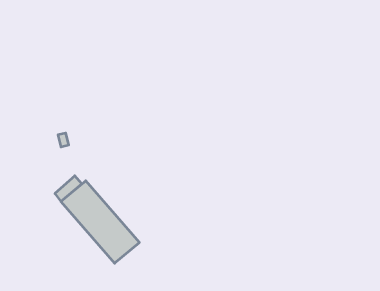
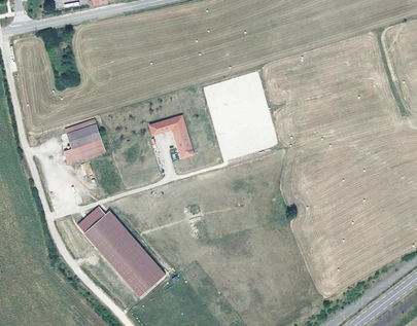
building: none -> [148,115,193,158]
building: none -> [63,123,105,164]

